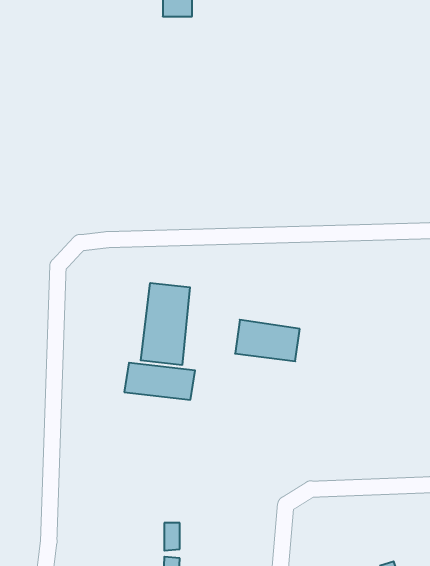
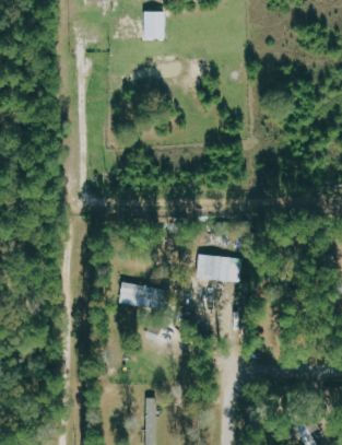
building: [141,283,190,365] -> none

